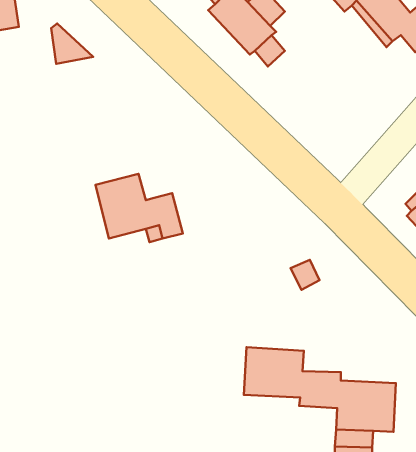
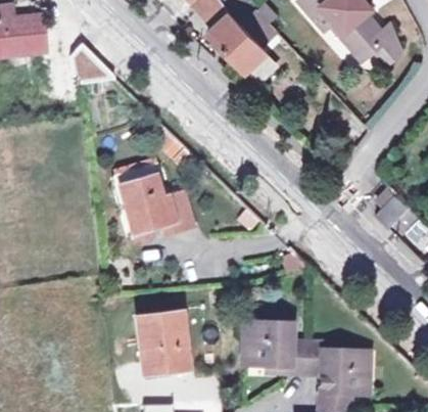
building: none -> [136,312,187,368]

